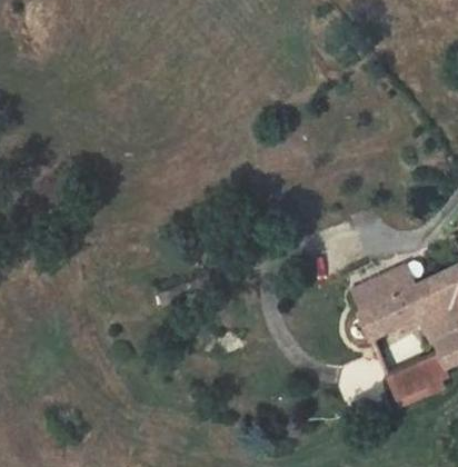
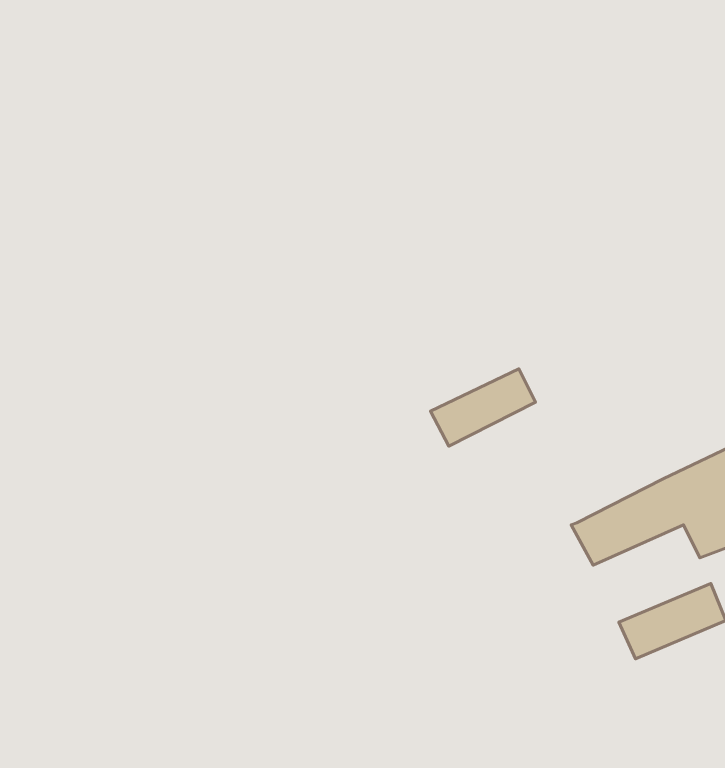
building: [351,271,415,318] -> [431,369,535,446]

